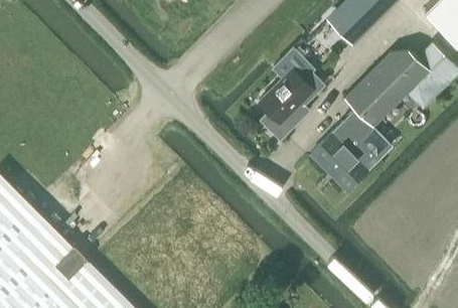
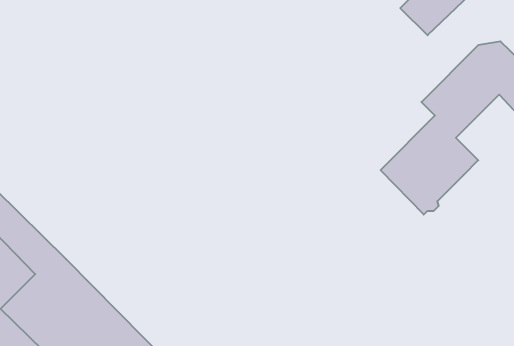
building: [258,49,324,141] -> none

